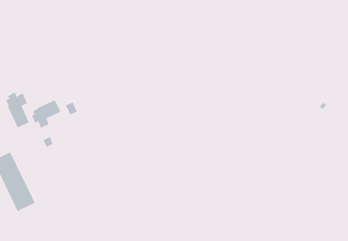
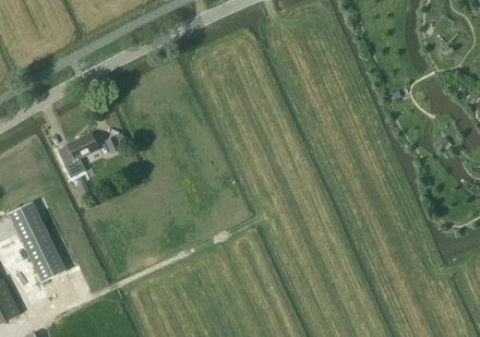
building: [5,92,30,128] -> none

